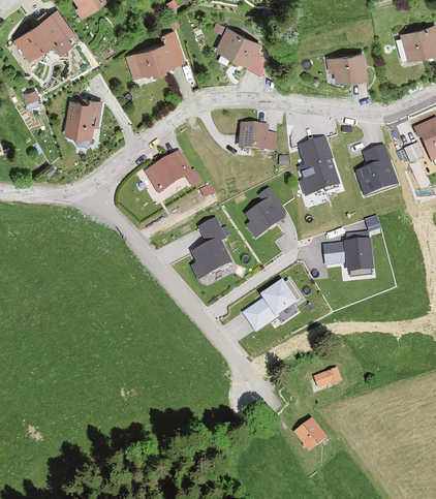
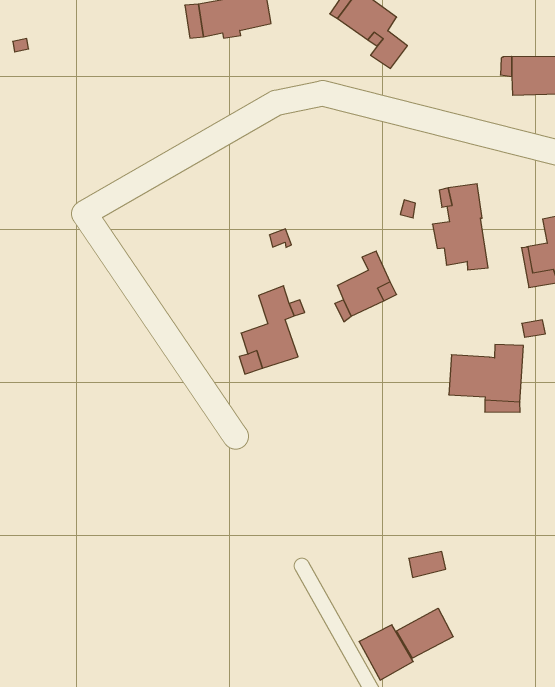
building: [66,99,100,136] -> none
building: [240,125,274,150] -> none
building: [147,153,199,191] -> none
building: [246,280,301,328] -> none
building: none -> [396,608,453,658]

